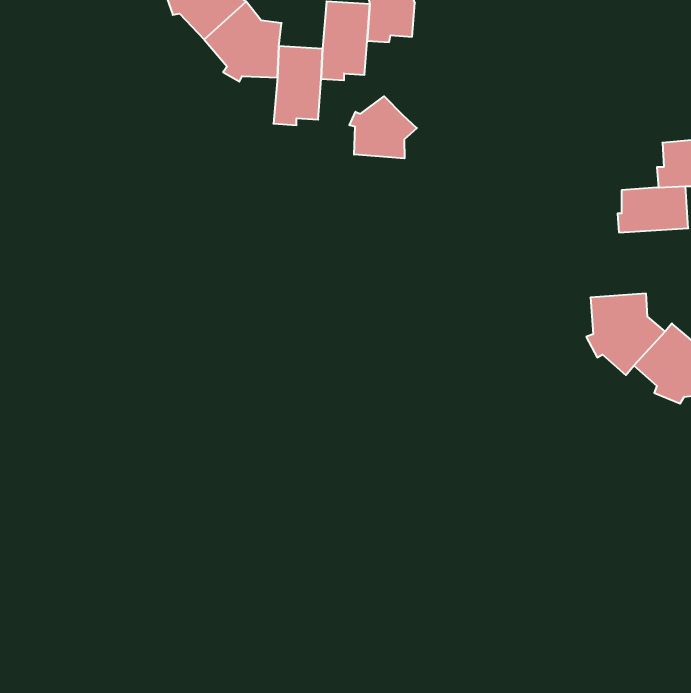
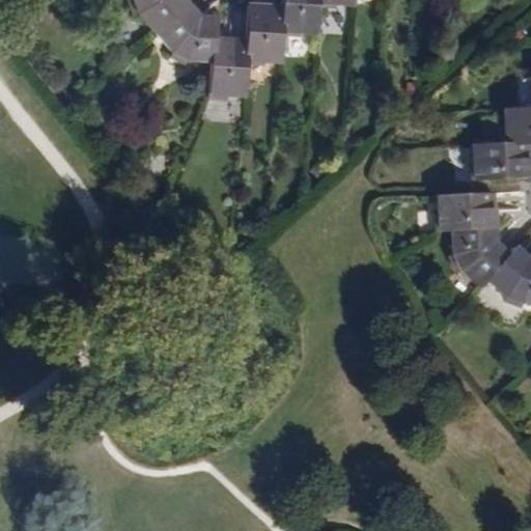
building: [349,96,417,158] -> none
building: none -> [435,191,496,228]

